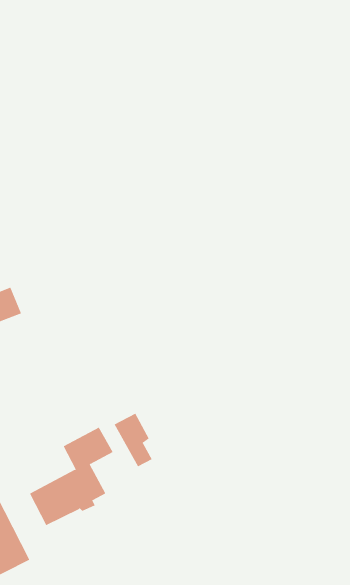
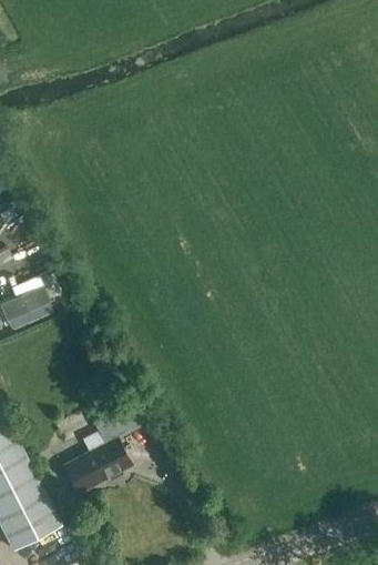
building: [114,413,153,467] -> none

